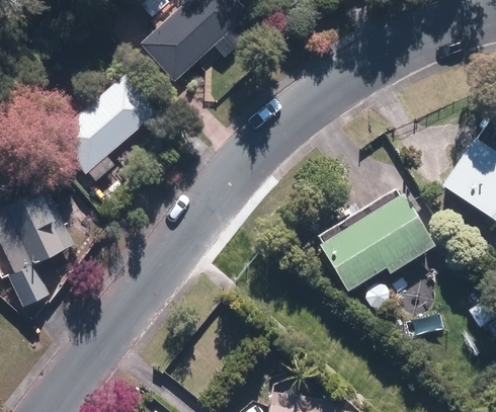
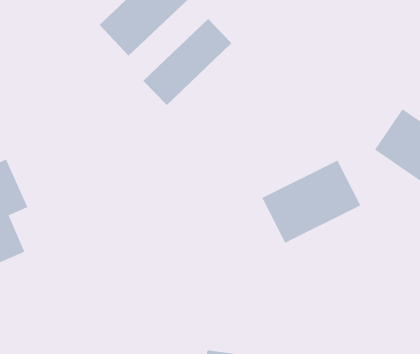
building: none -> [143,18,232,106]
building: [64,79,157,172] -> none

